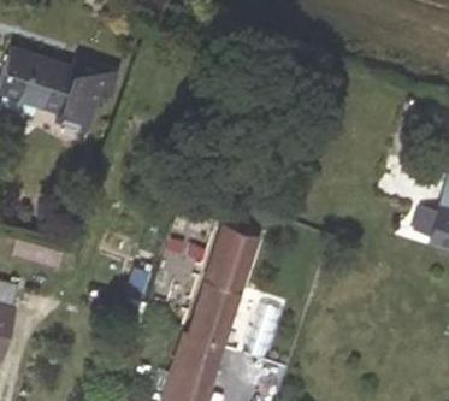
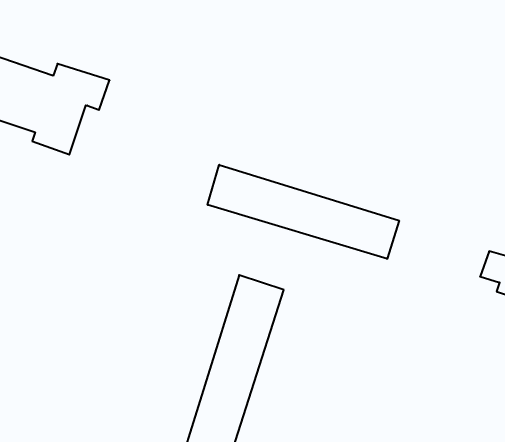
building: none -> [208,165,399,259]

